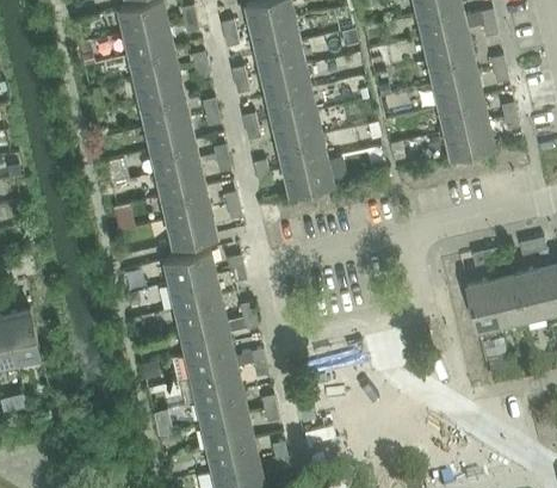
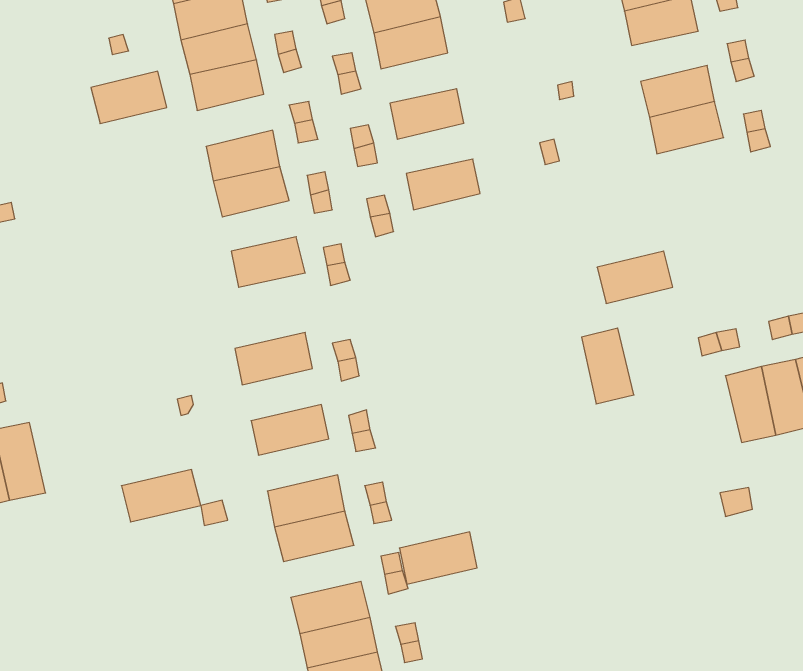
building: [427,54,477,87] -> none
building: [261,68,311,101] -> none
building: [140,95,190,130] -> [91,71,167,124]
building: [272,115,322,148] -> none
building: [444,124,494,159] -> [597,251,673,303]
building: [283,161,333,196] -> none
building: [156,166,205,199] -> none
building: [167,214,216,247] -> none
building: [169,277,222,311] -> none
building: [465,282,500,332] -> [582,328,634,404]
building: [180,323,233,358] -> [121,470,201,522]
building: [197,394,248,428] -> [399,532,477,584]

